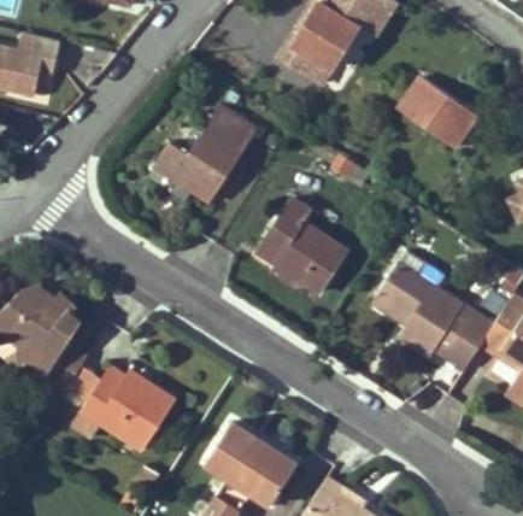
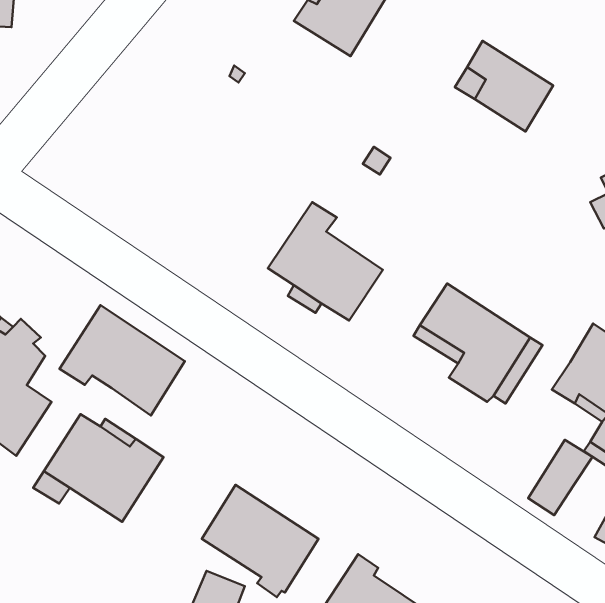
building: [155,107,257,204] -> none
building: none -> [59,305,185,416]
building: [443,312,494,371] -> [528,440,592,515]

